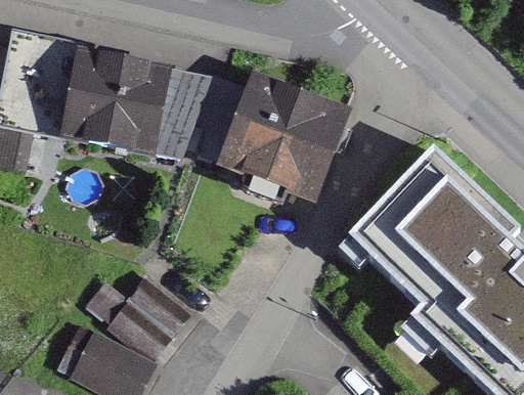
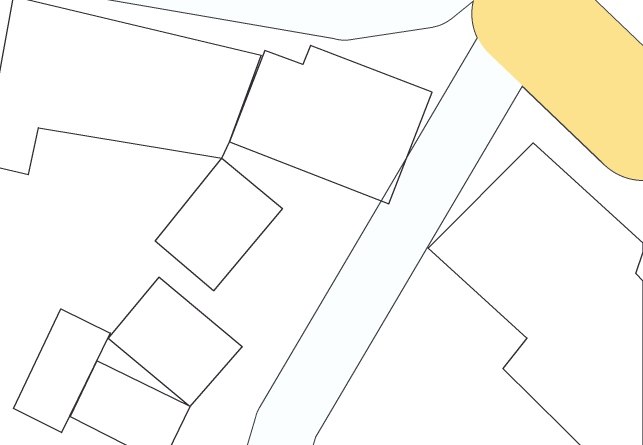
building: none -> [155,158,282,291]
building: none -> [14,309,110,433]

